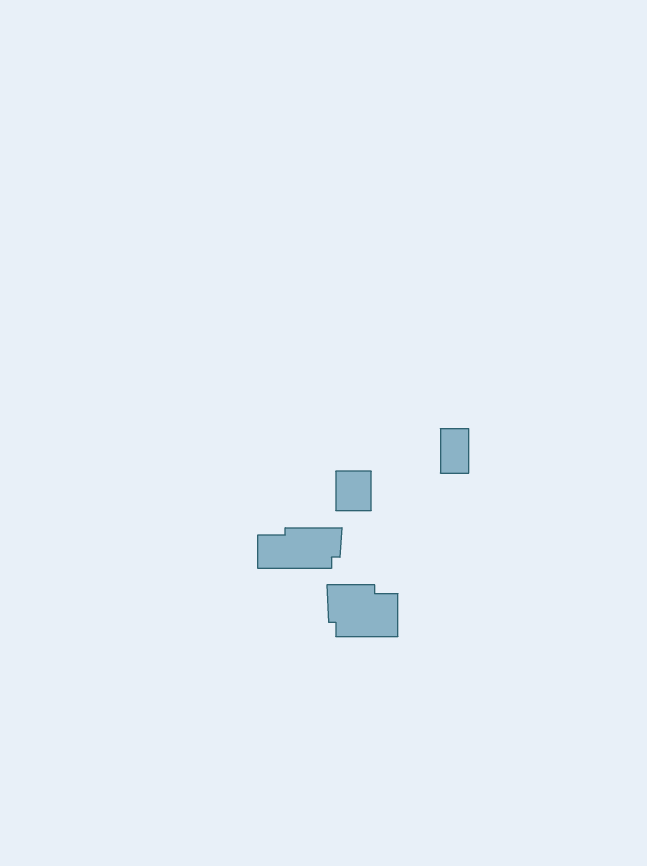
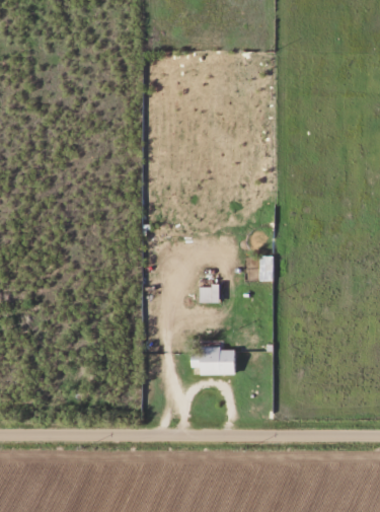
building: [258,528,342,568] -> none

